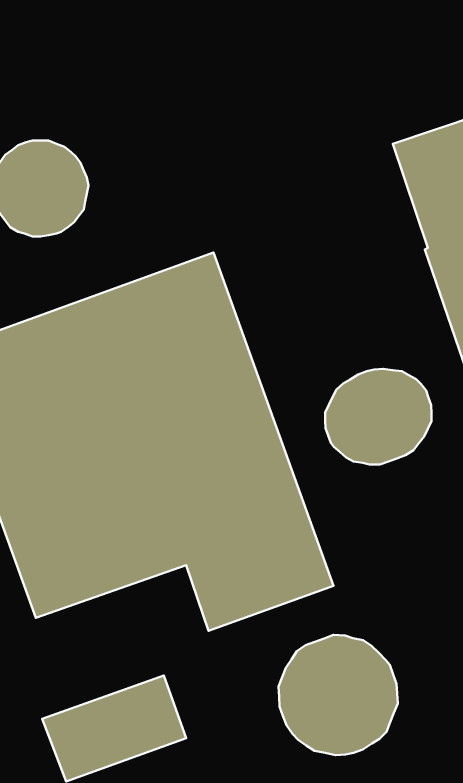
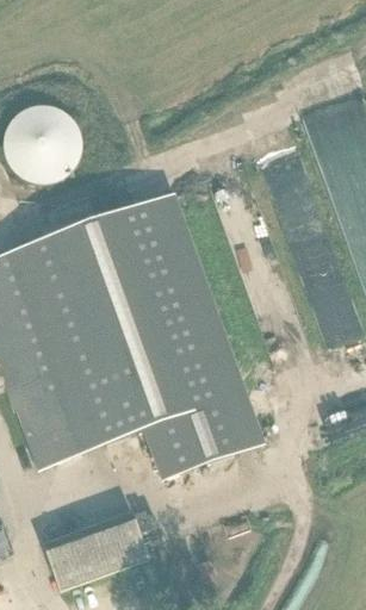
building: [325,369,432,465] -> none
building: [278,635,398,755] -> none

